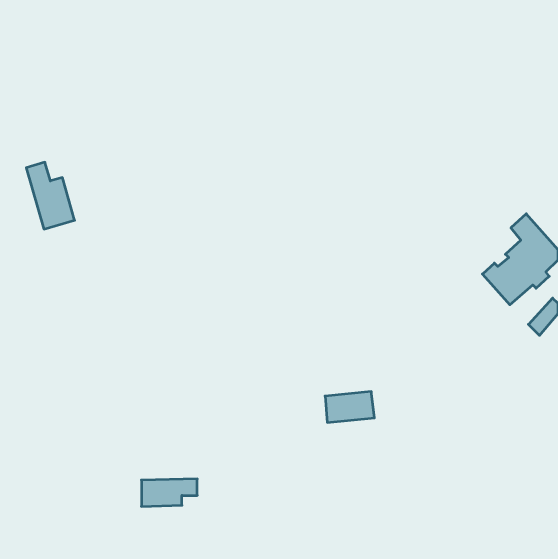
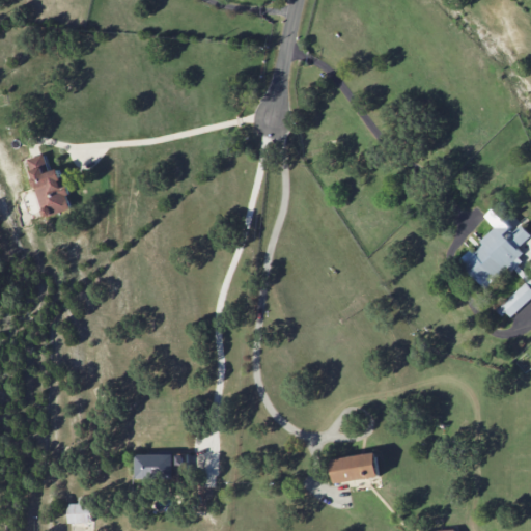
building: [325,392,374,422] -> [331,454,378,483]
building: none -> [65,498,88,524]

